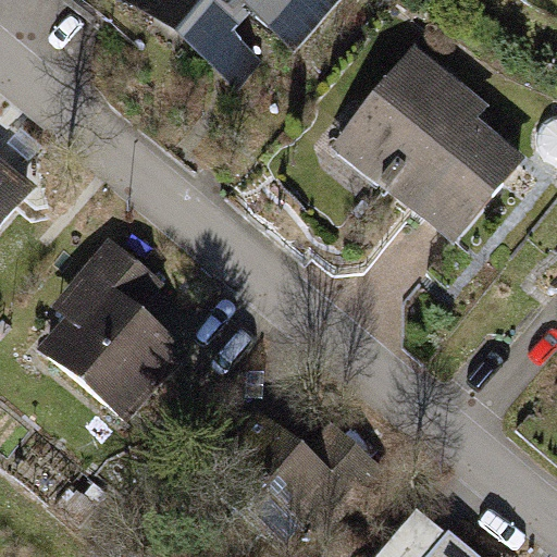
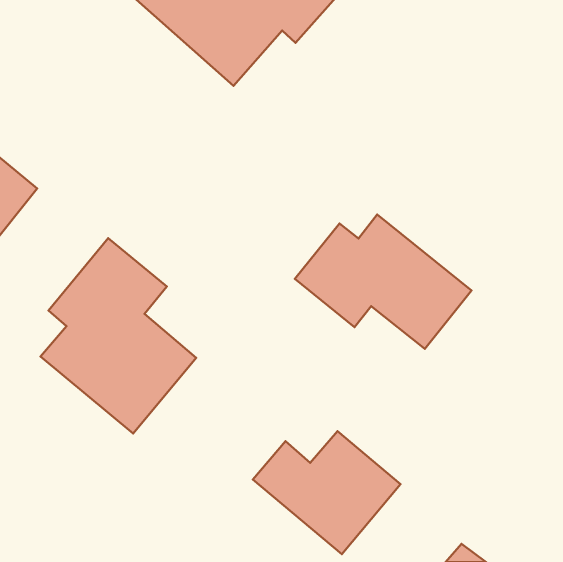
building: [329,44,529,249] -> none
building: none -> [295,214,472,349]

